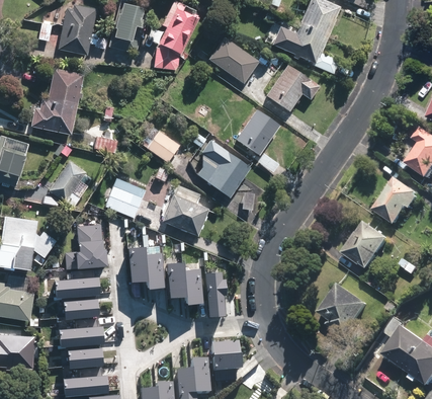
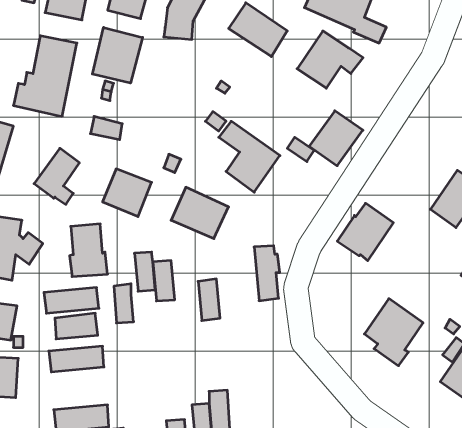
building: none -> [92,27,143,83]
building: [234,109,278,155] -> [309,111,363,166]
building: [145,130,179,163] -> none
building: [343,224,390,271] -> [337,203,393,261]
building: [168,262,184,295] -> [114,284,134,323]
building: [205,271,227,317] -> [254,246,280,301]
building: [211,343,242,374] -> none
building: [68,347,103,368] -> none

